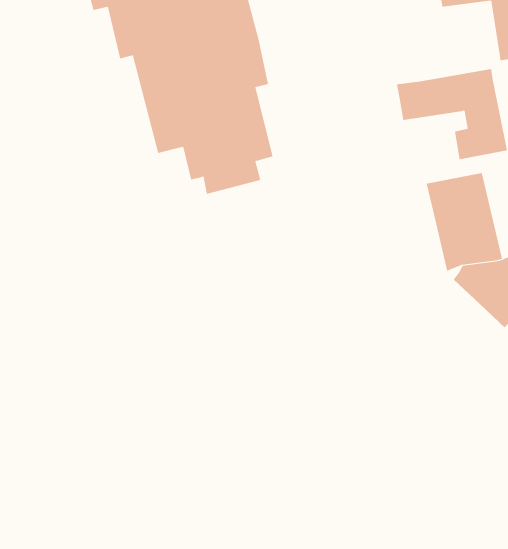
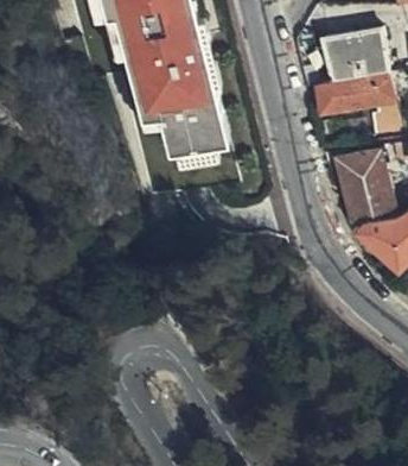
building: none -> [325,29,389,81]

